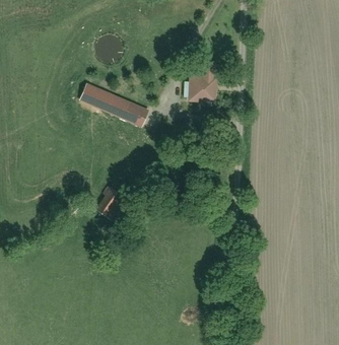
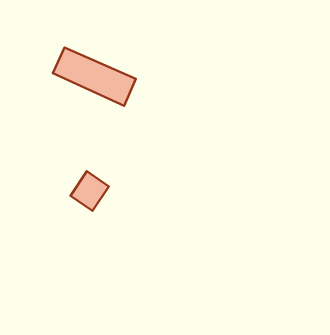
building: [187,62,219,105] -> none

